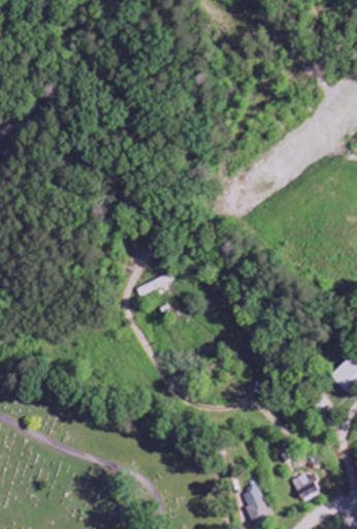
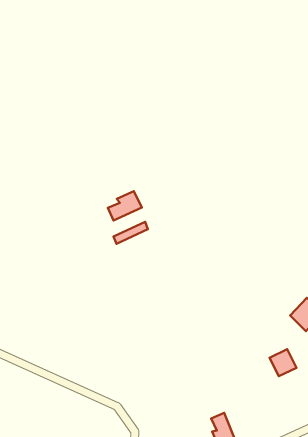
building: none -> [108,191,142,221]
building: [292,471,322,501] -> [269,349,296,376]

